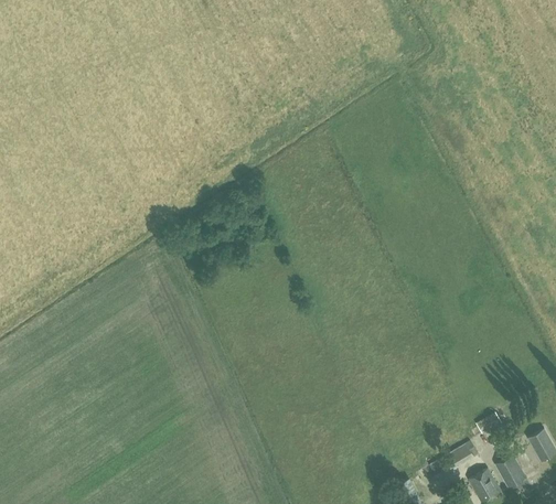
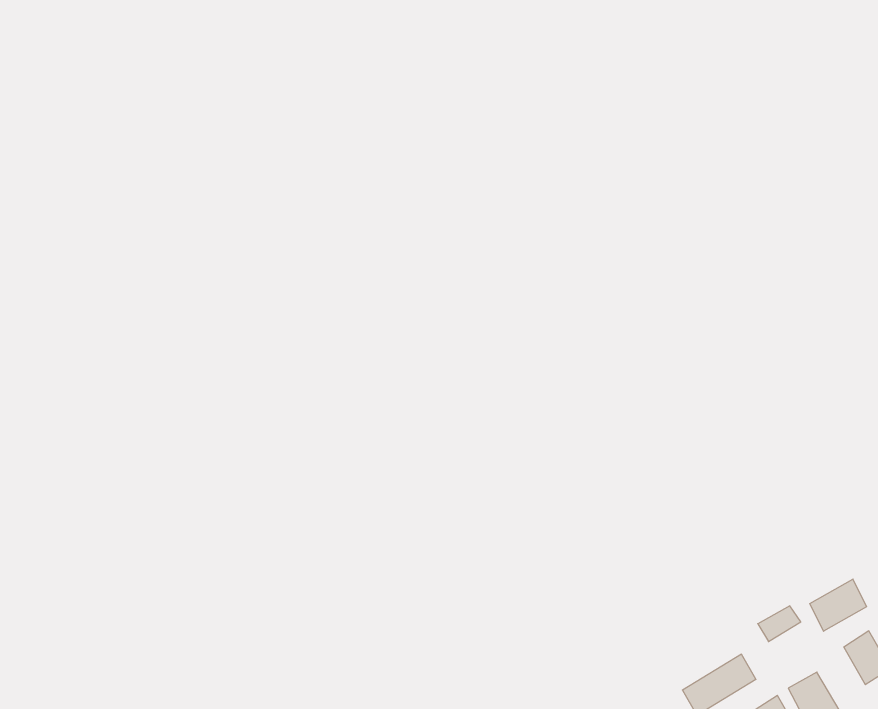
building: none -> [810,579,867,631]

